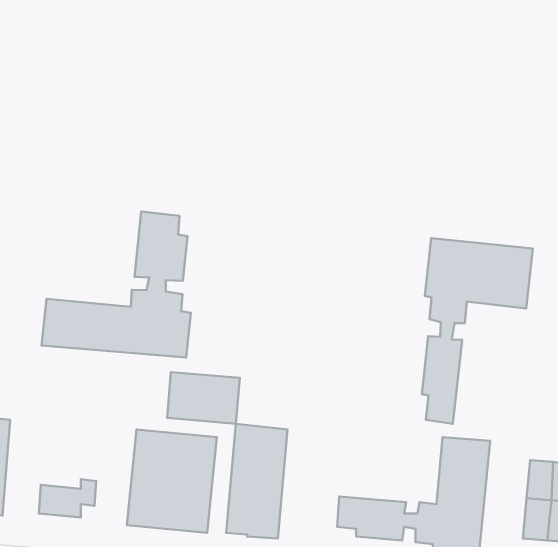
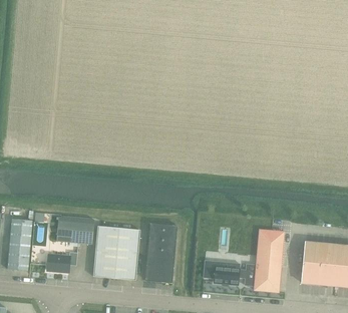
building: [42,211,191,358] -> none
building: [422,238,533,424] -> none
building: [167,372,240,424] -> [55,217,93,244]

